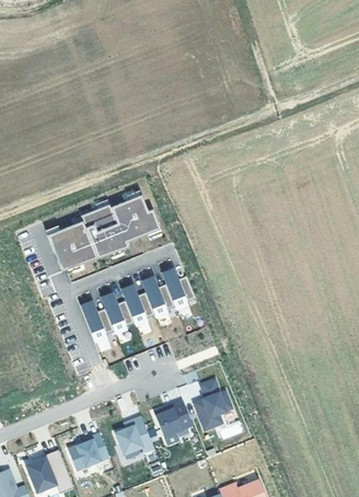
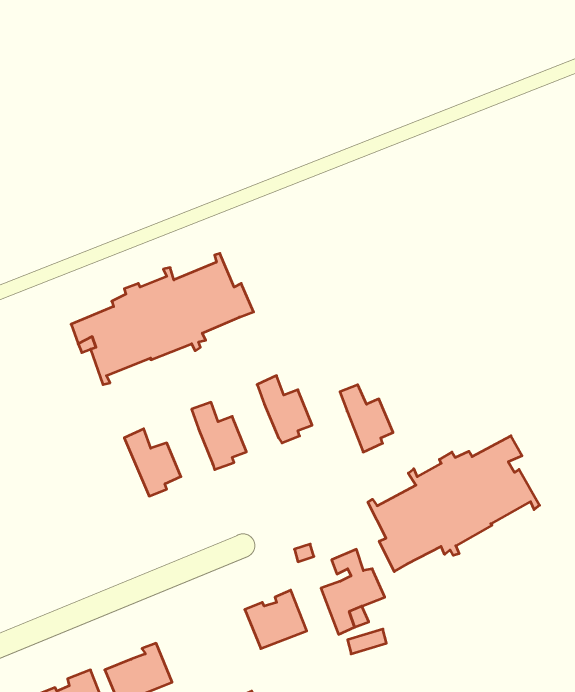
building: [141,276,174,317] -> [340,385,393,452]
building: [100,292,134,333] -> none
building: none -> [368,436,540,572]
building: [114,416,153,453] -> none

